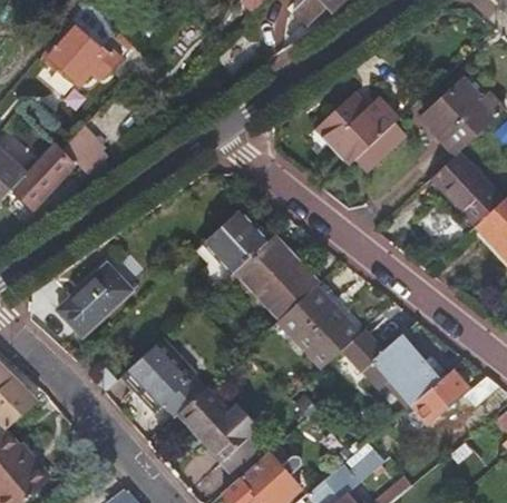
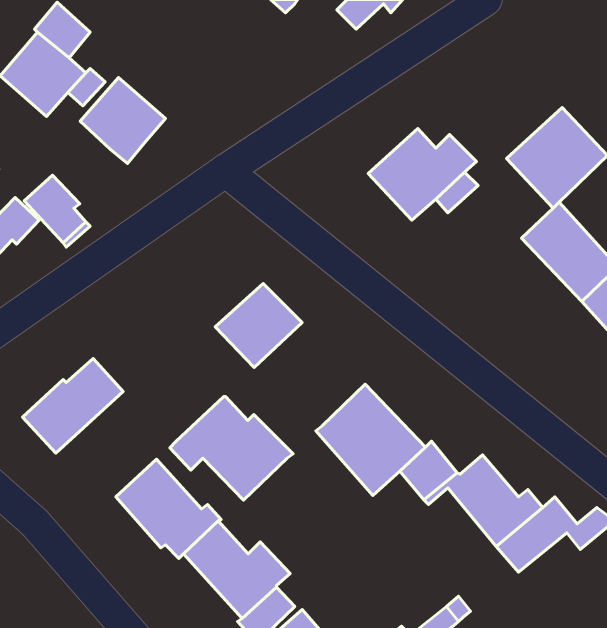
building: none -> [80,78,166,163]
building: [227,239,319,316] -> [170,397,293,500]

